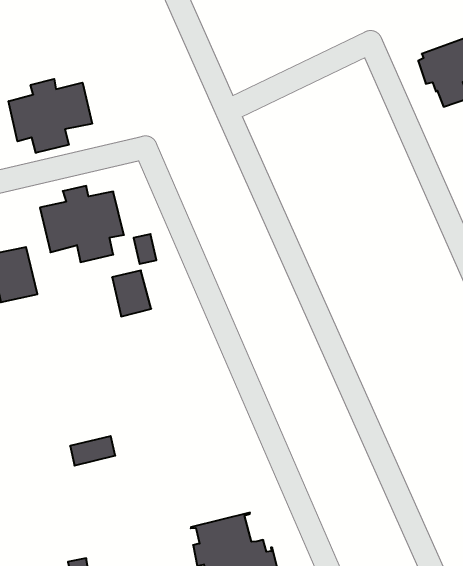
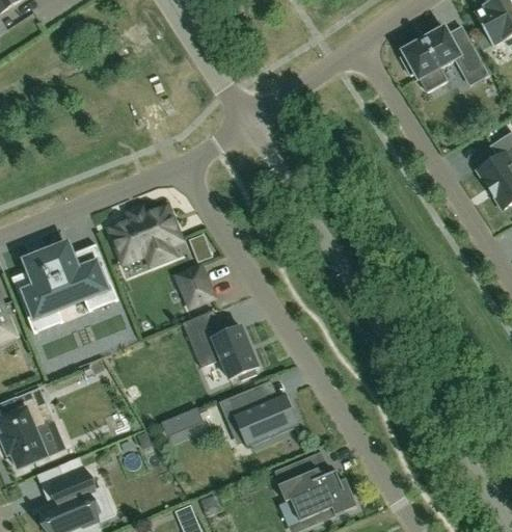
building: [9,79,92,153] -> none
building: none -> [183,309,259,379]
building: none -> [230,385,297,445]

